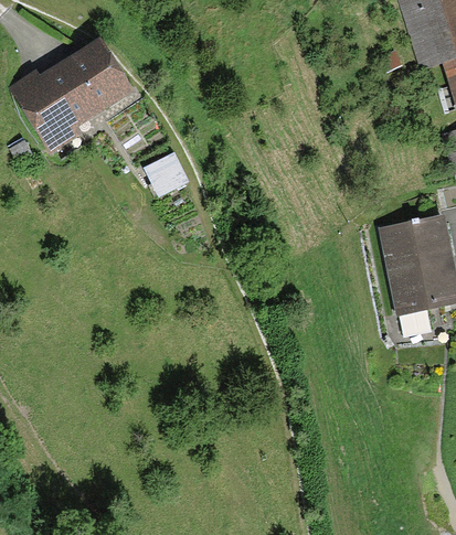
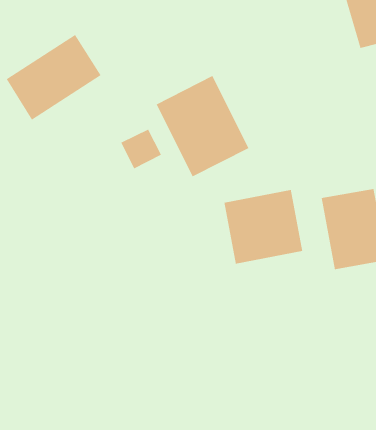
building: none -> [156,75,249,177]
building: none -> [224,189,303,264]

